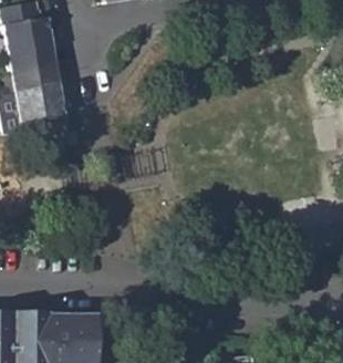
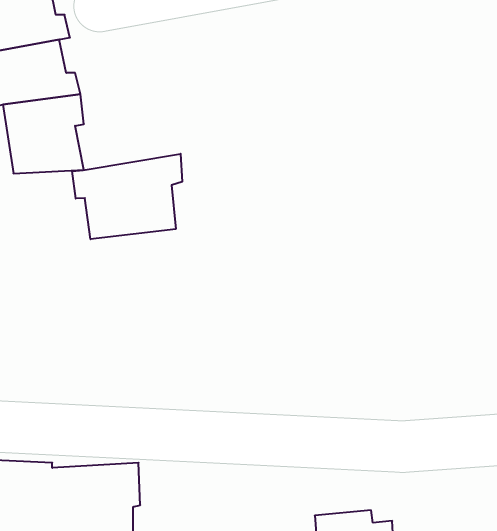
building: none -> [72,154,182,239]

